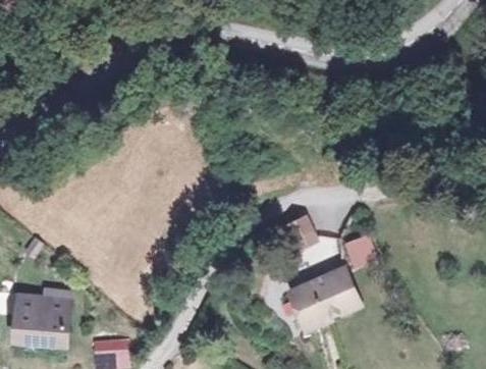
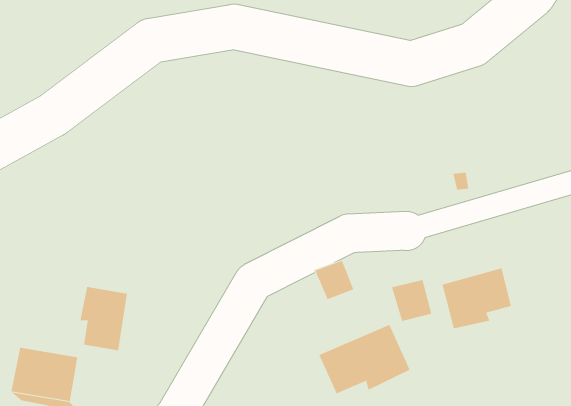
building: none -> [442,268,512,329]
building: none -> [80,286,128,351]

